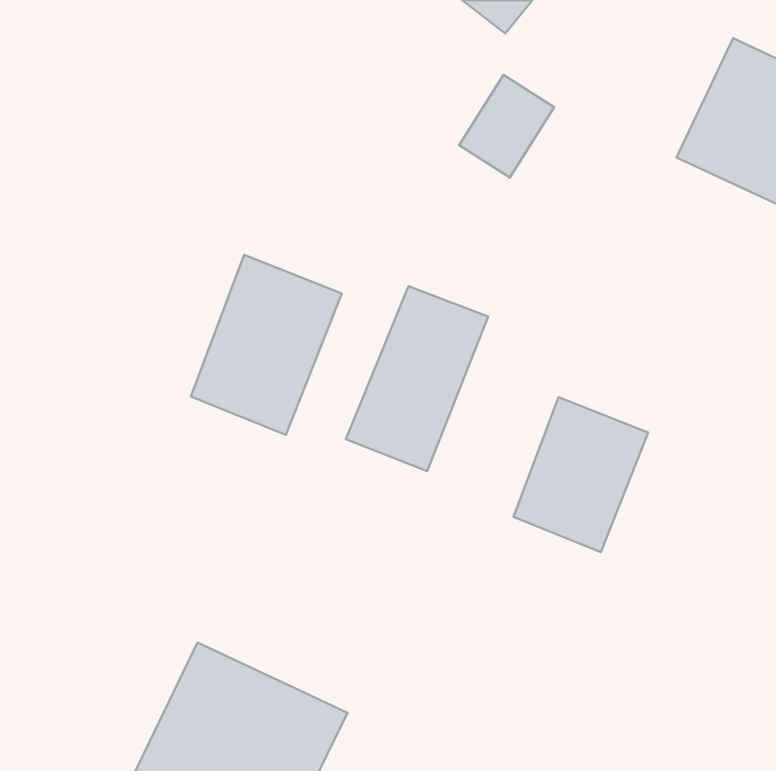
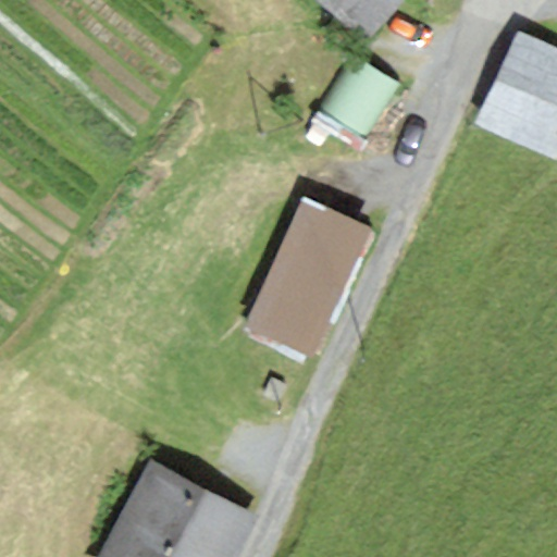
building: [191,255,342,435] -> none
building: [513,397,648,552] -> none

